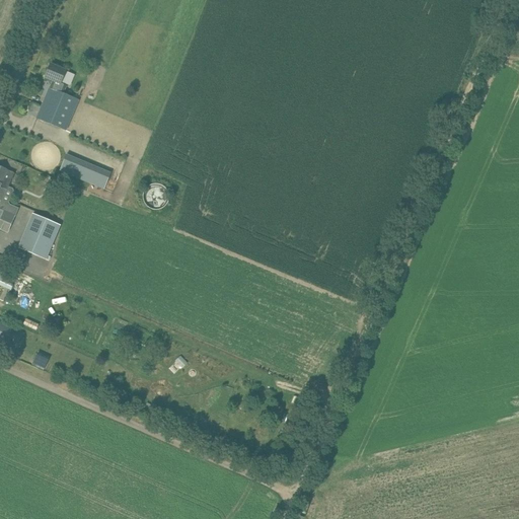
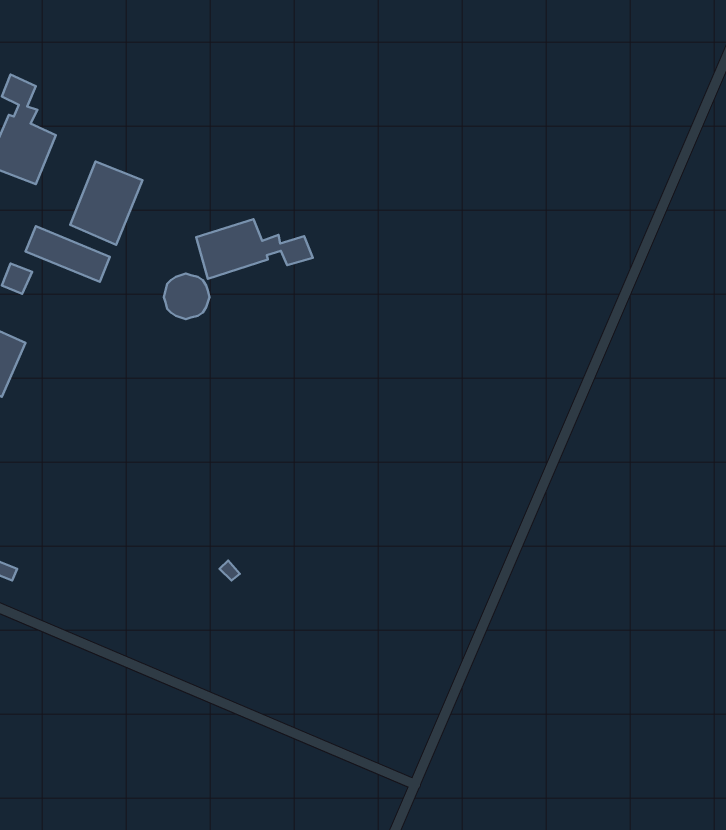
building: none -> [70,161,143,245]
building: none -> [196,219,313,279]

